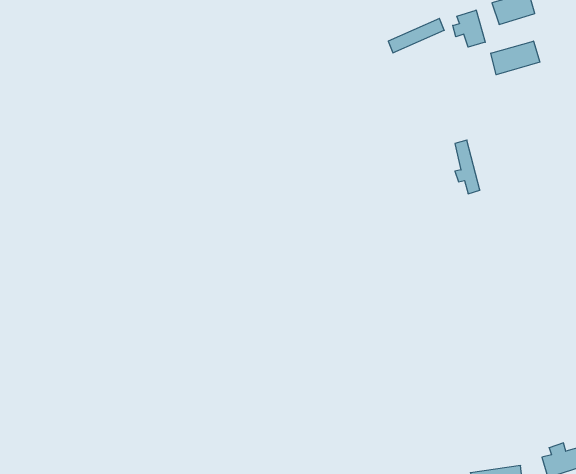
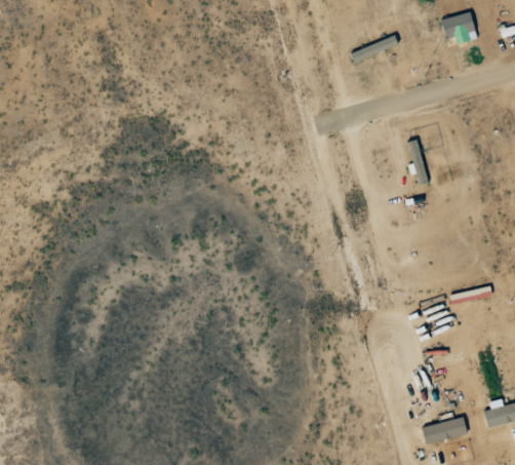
building: [453,10,485,47] -> none
building: [491,41,540,75] -> none

